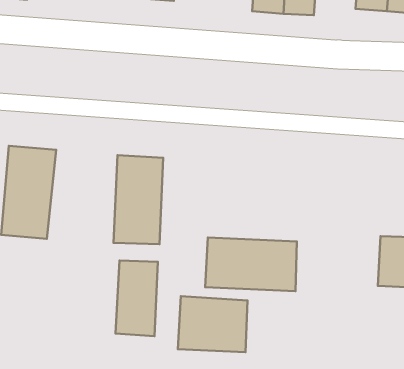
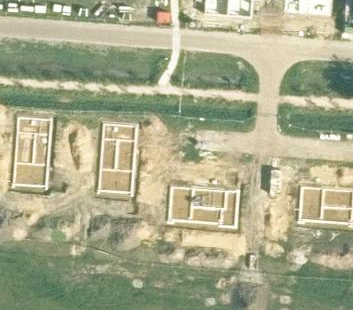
building: [115,261,158,336] -> none
building: [178,296,247,352] -> none

